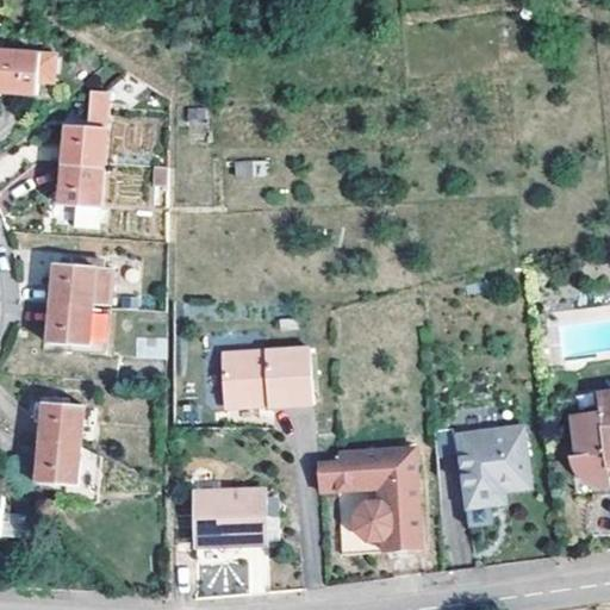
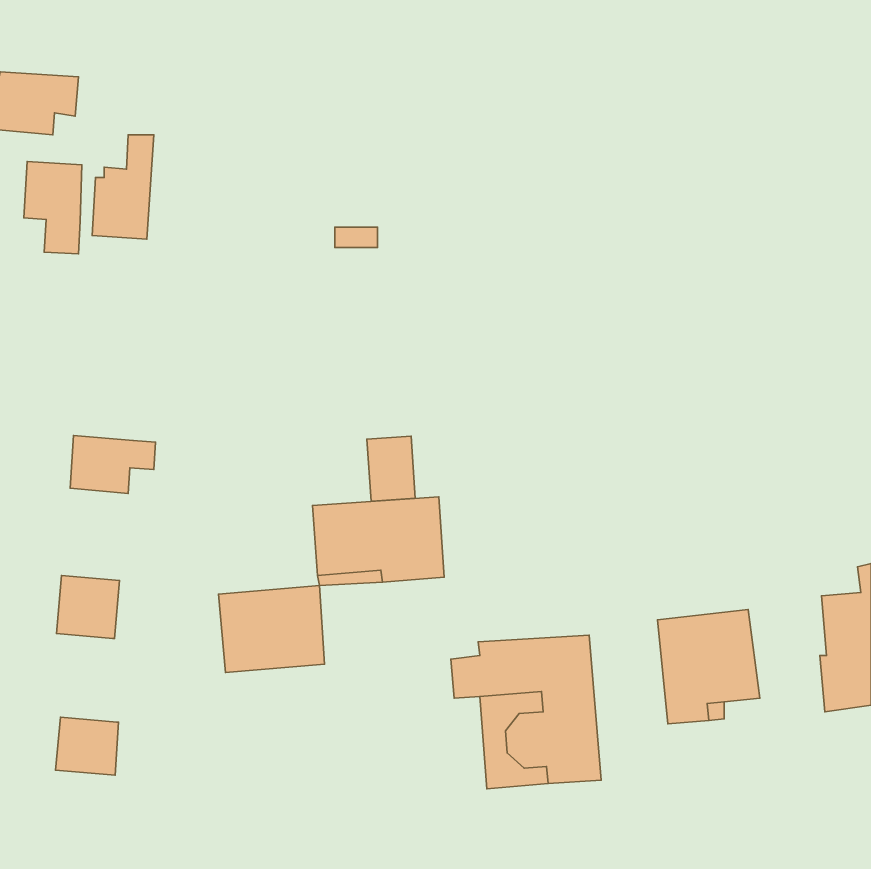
building: [62,164,102,229] -> [24,162,82,254]
building: [51,255,112,307] -> none
building: none -> [367,436,415,501]
building: [36,442,80,483] -> [55,717,119,775]
building: [192,490,266,550] -> [219,586,324,673]

